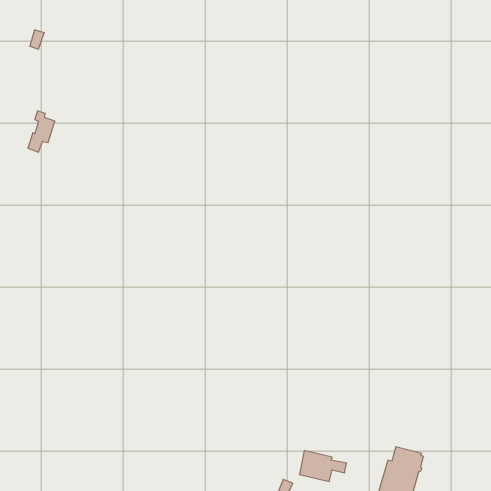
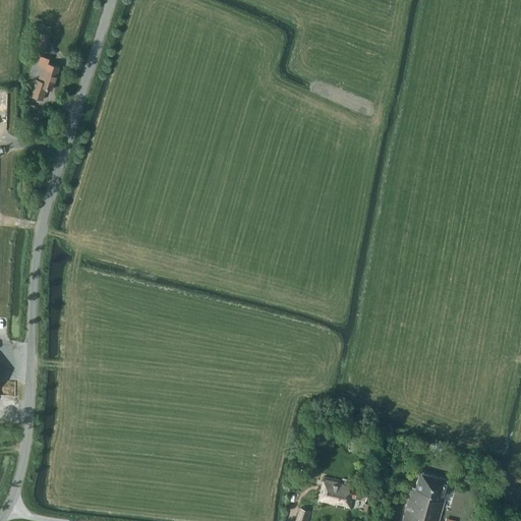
building: [28,111,55,152] -> [30,57,58,101]

